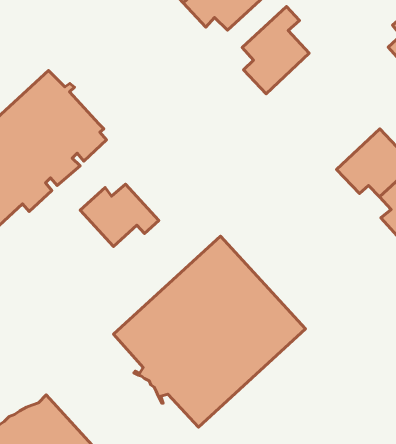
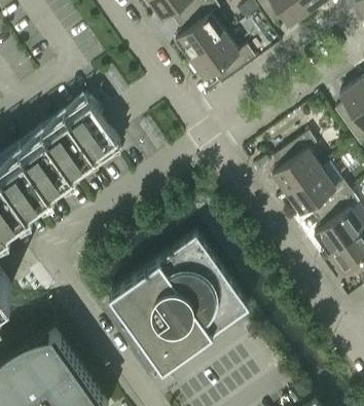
building: [242,7,309,94] -> [271,133,321,194]
building: [80,184,159,246] -> none

